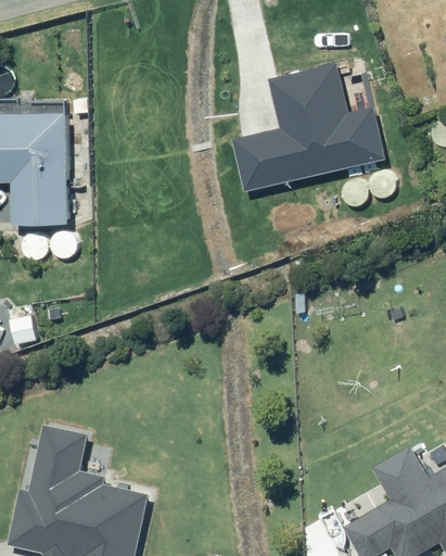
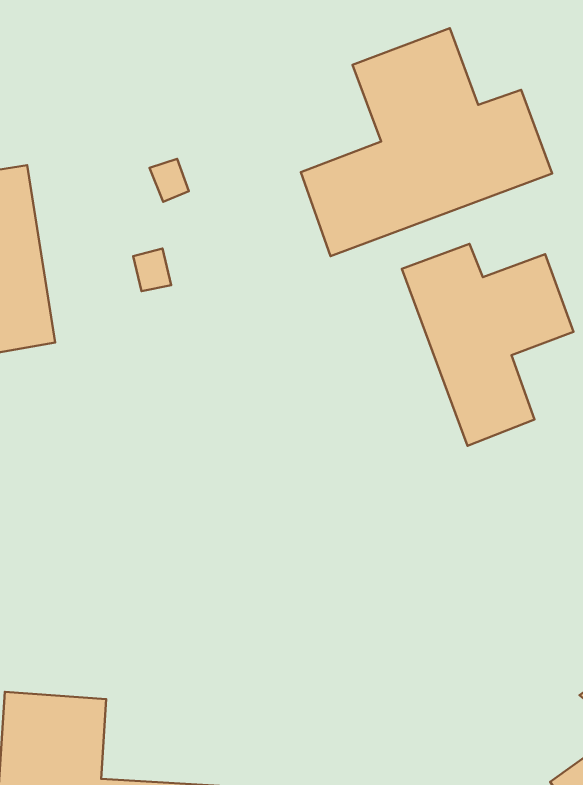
building: none -> [402,244,574,446]

